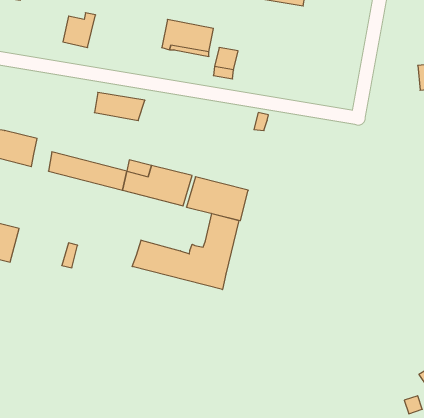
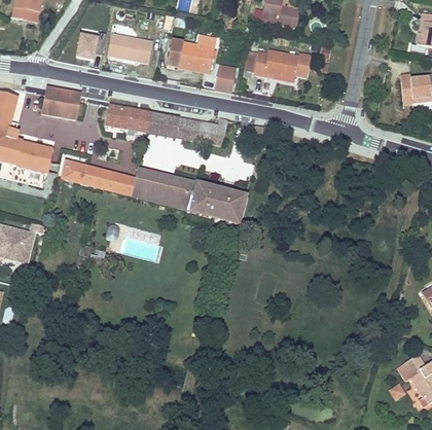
building: none -> [108,33,152,61]
building: none -> [254,49,311,77]
building: none -> [42,89,80,119]
building: none -> [145,113,227,145]
building: [132,213,239,290] -> none

